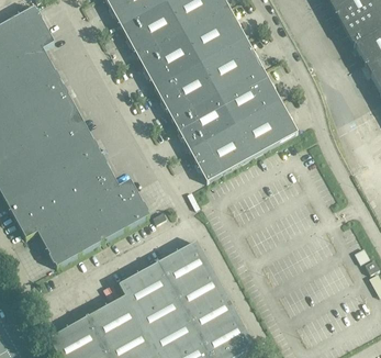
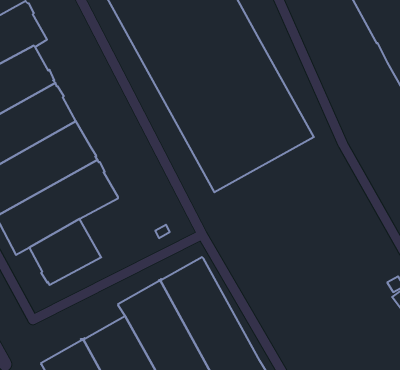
building: [83,178,149,239] -> none

